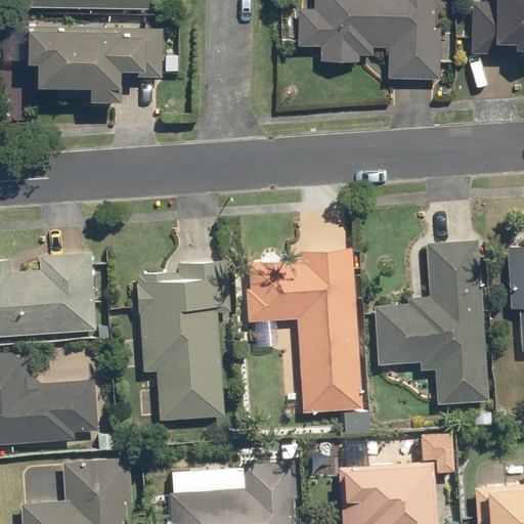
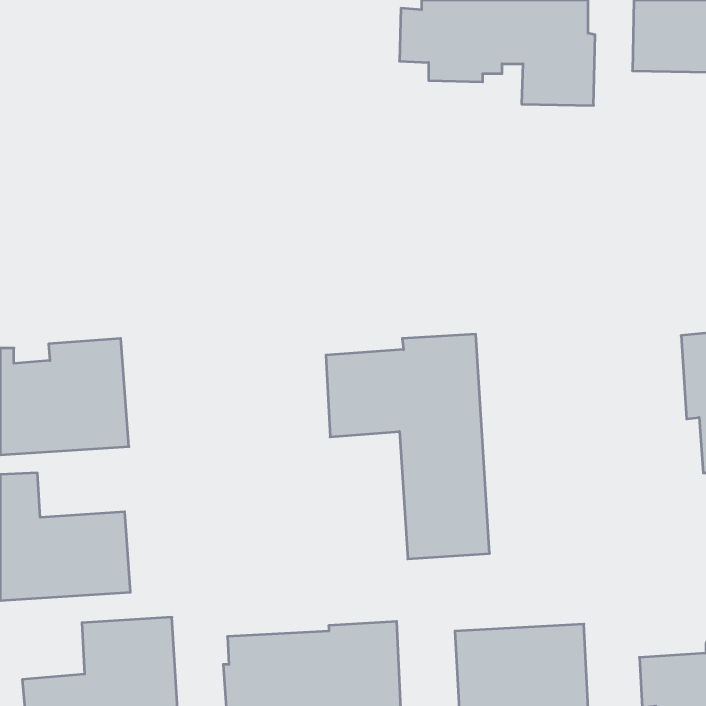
building: [25,27,163,103] -> none
building: [373,238,489,406] -> none
building: [135,260,231,423] -> none

